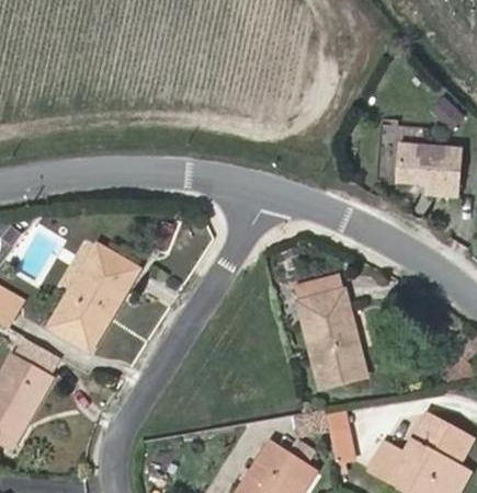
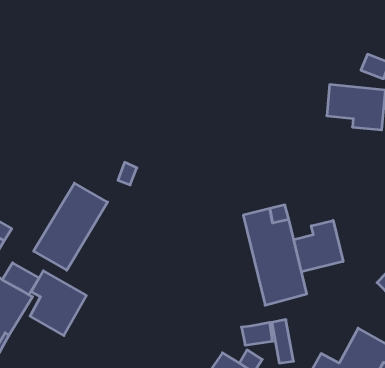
building: none -> [294,220,343,272]
building: none -> [30,271,86,336]

